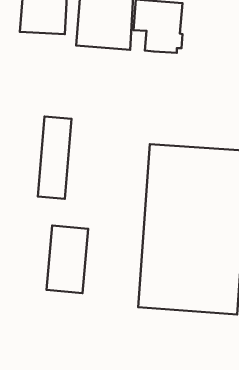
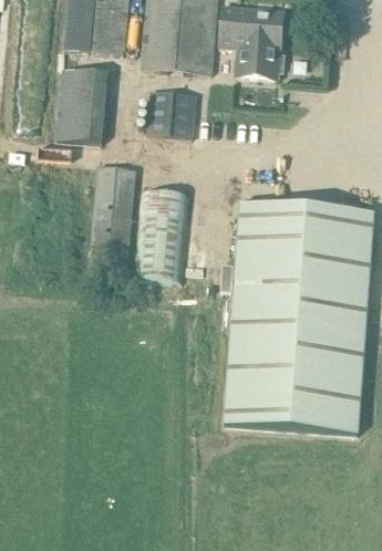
building: none -> [55,66,106,142]
building: none -> [146,89,195,137]
building: [46,225,88,293] -> [133,188,189,280]

